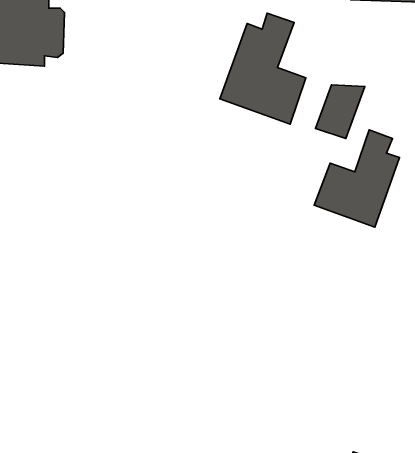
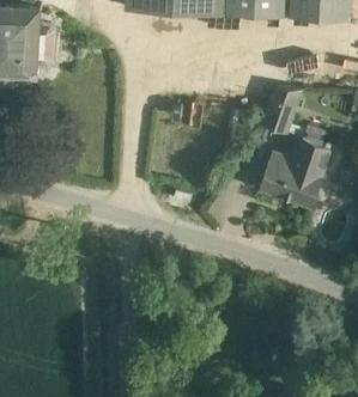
building: [220,13,306,124] -> none

